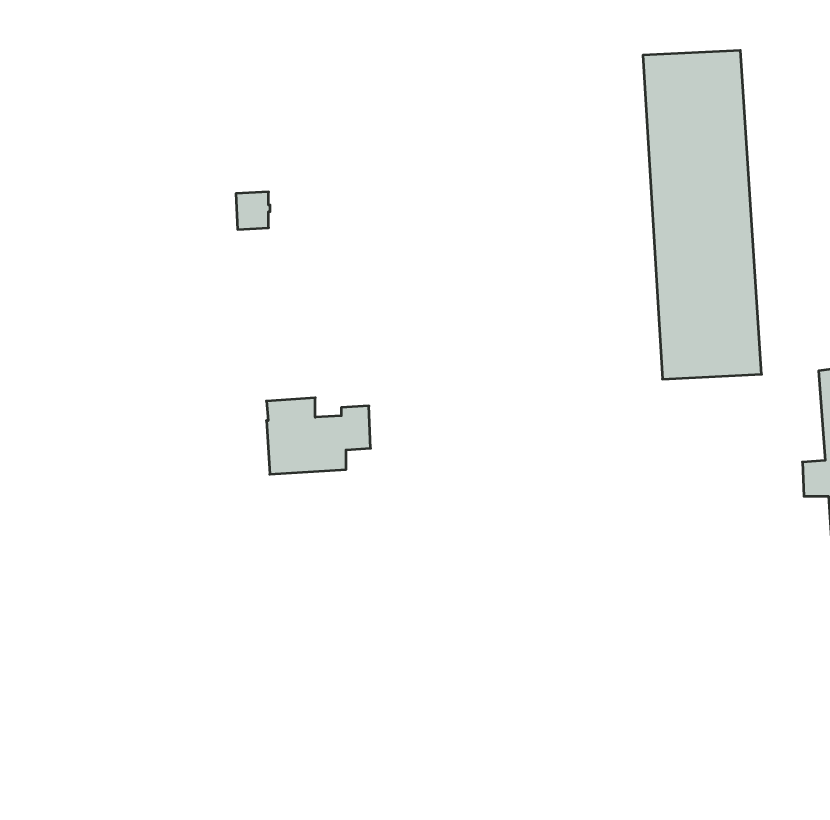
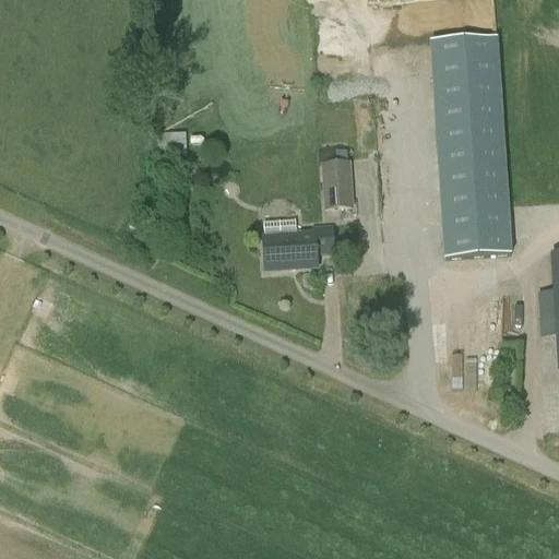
building: none -> [325,157,353,206]
building: [266,398,371,474] -> [264,215,334,266]

